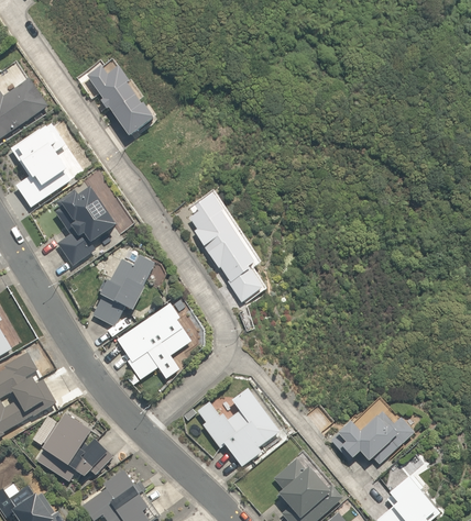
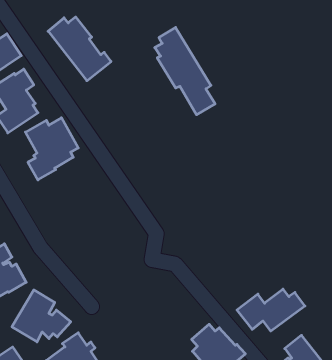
building: [190,191,270,306] -> [155,27,215,115]
building: [91,255,154,326] -> none
building: [114,303,189,380] -> none
building: [197,387,287,467] -> none

